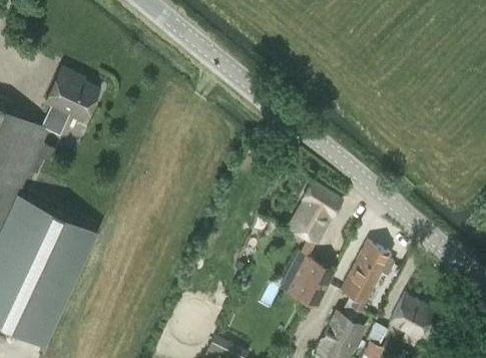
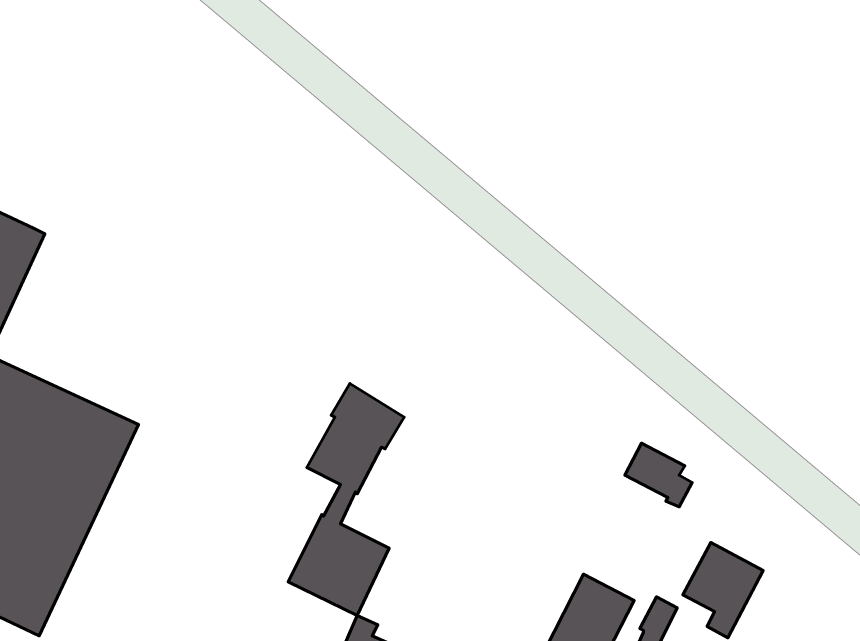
building: [41,70,97,137] -> none
building: [279,185,341,309] -> [288,383,404,615]
building: [341,261,381,313] -> none

